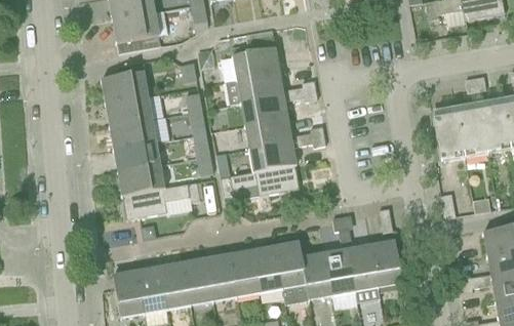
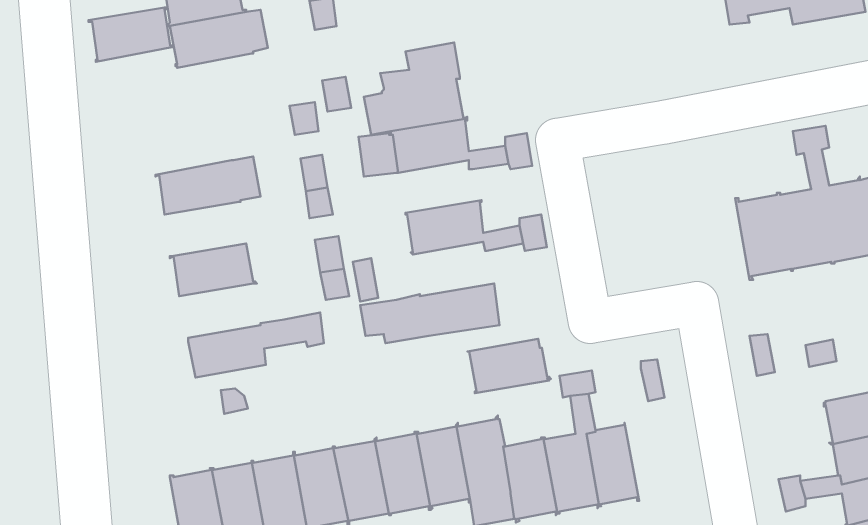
building: [100,74,148,105] -> [89,7,174,62]
building: [240,96,288,126] -> none
building: [108,118,169,151] -> none
building: [249,142,296,173] -> [468,339,551,393]
building: [116,166,163,197] -> none
building: [369,241,401,289] -> none

